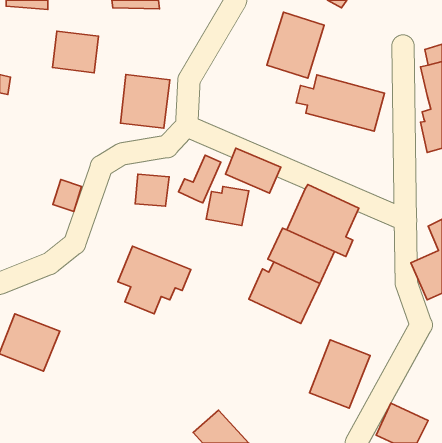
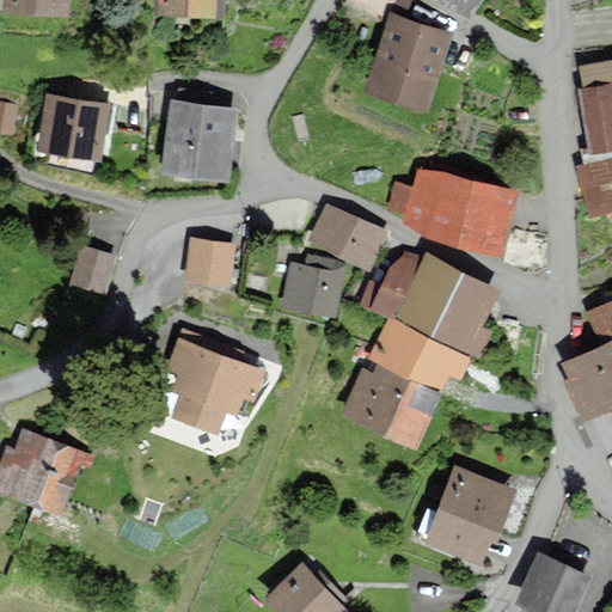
building: [52,31,98,73] -> [41,98,104,155]
building: [296,75,385,131] -> [391,170,513,247]
building: [178,155,221,203] -> [362,251,421,317]

